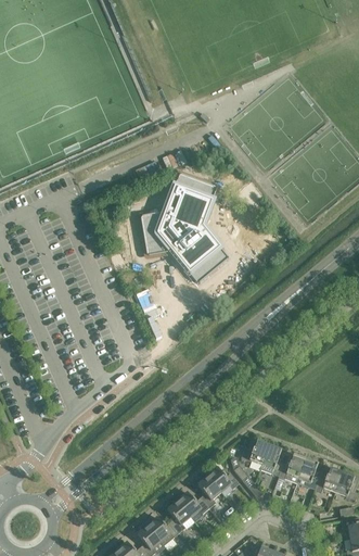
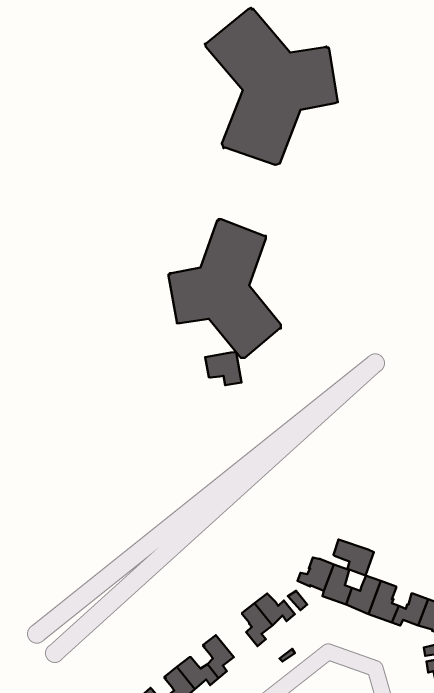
building: none -> [205,8,338,165]
building: none -> [205,352,241,385]
building: none -> [333,540,374,575]
building: [178,492,210,522] -> none

